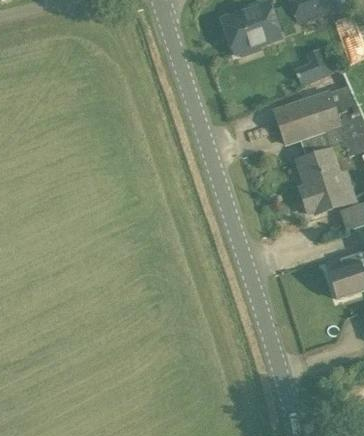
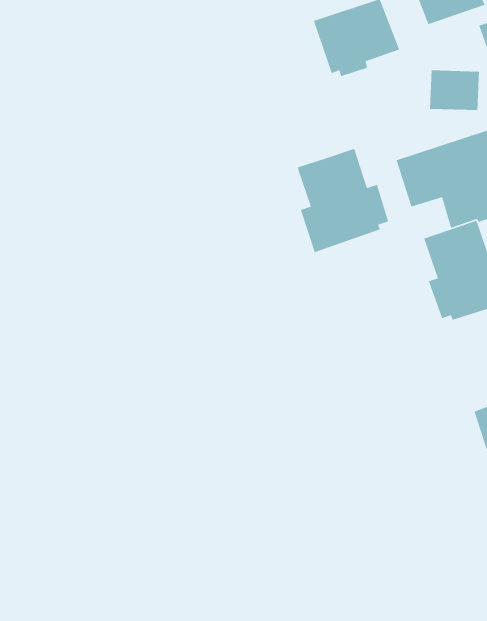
building: none -> [297,148,389,253]

